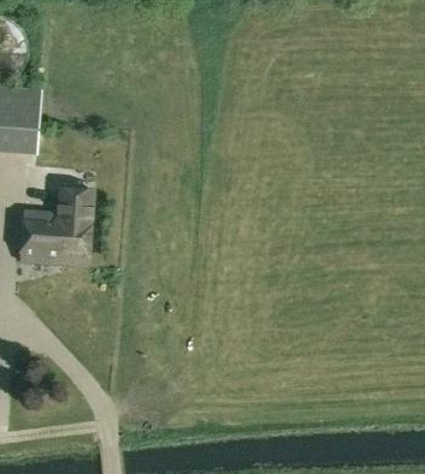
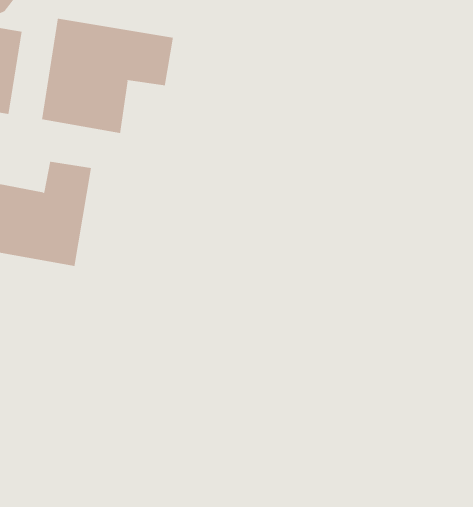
building: none -> [41,18,174,134]

